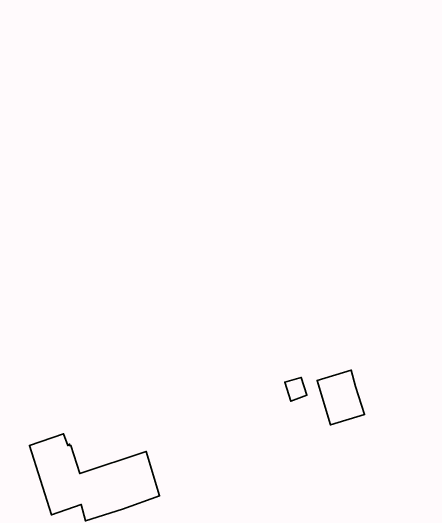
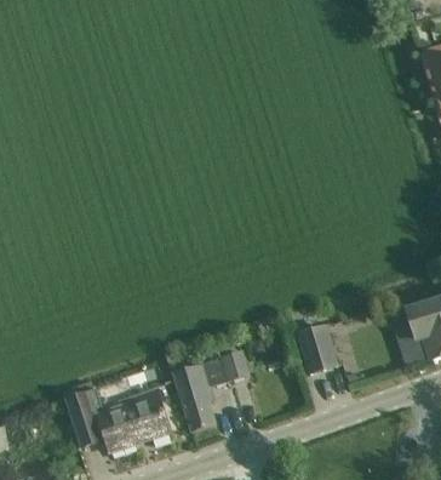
building: none -> [172,350,250,430]

